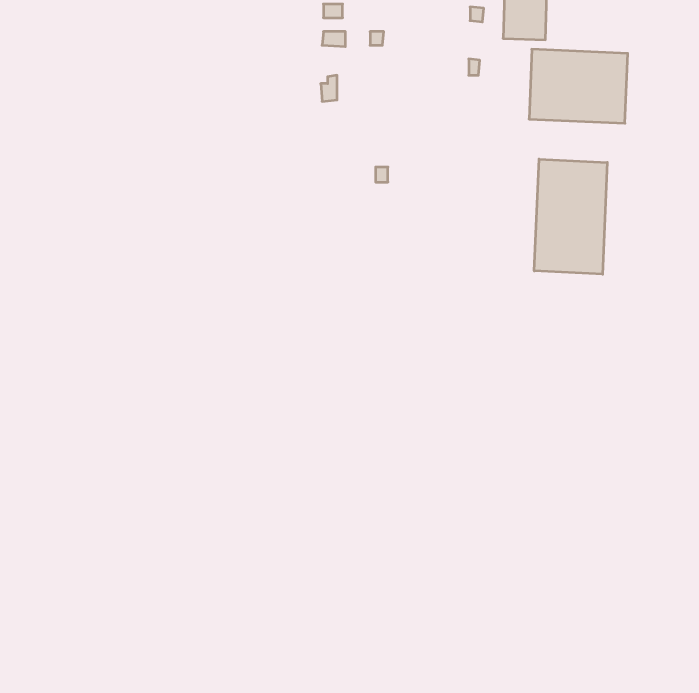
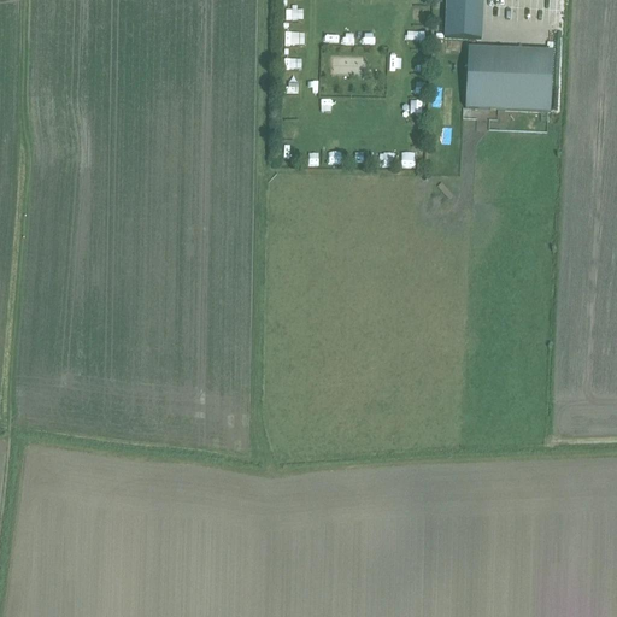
building: [534,159,607,274] -> none

